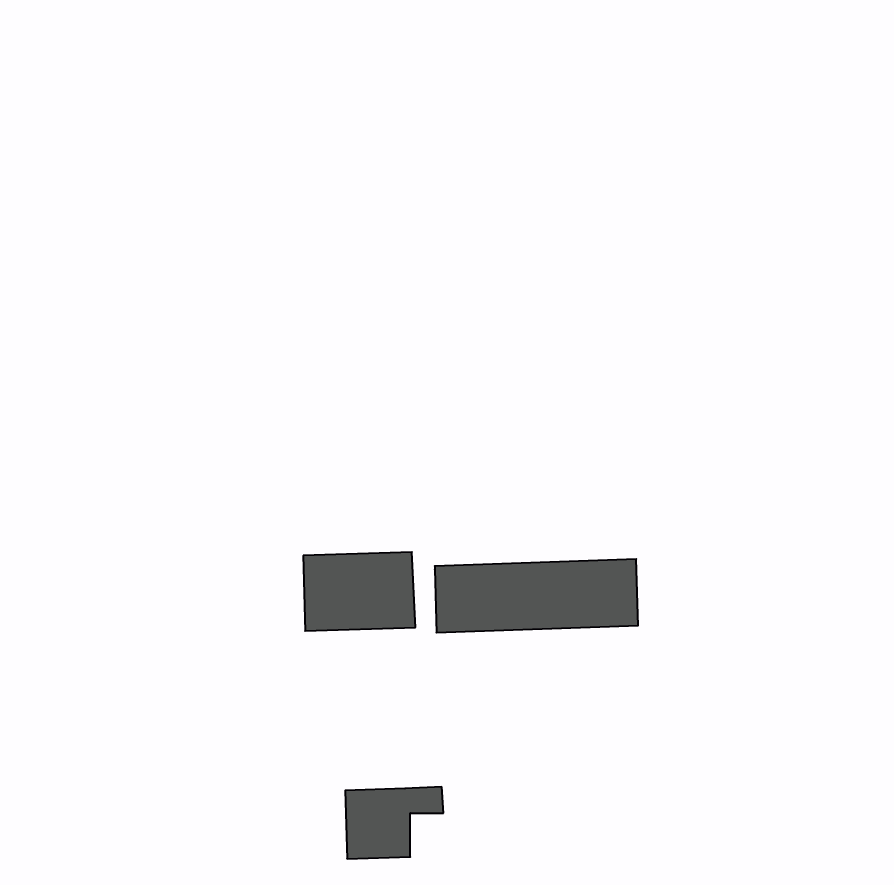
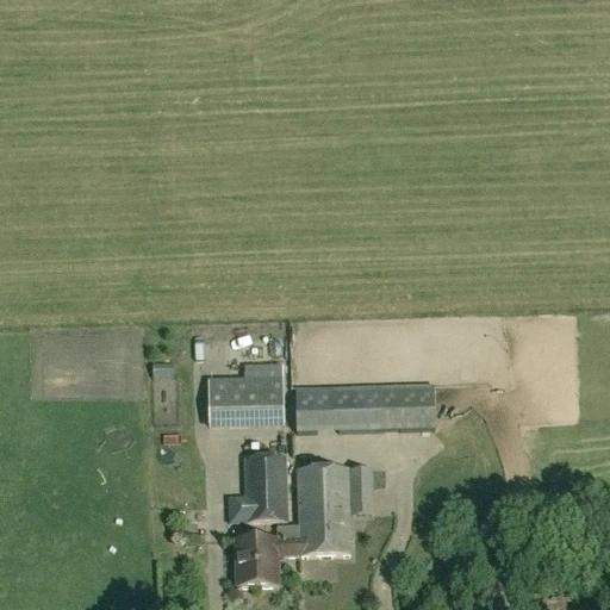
building: none -> [245,455,288,519]
building: none -> [276,465,353,553]

